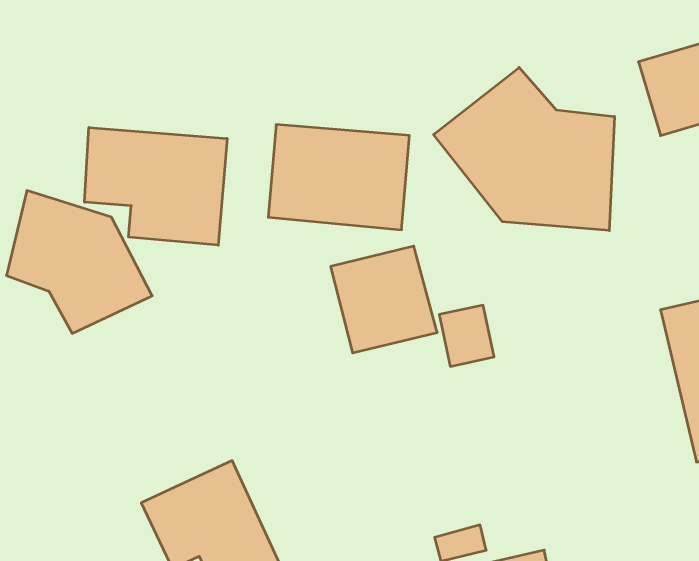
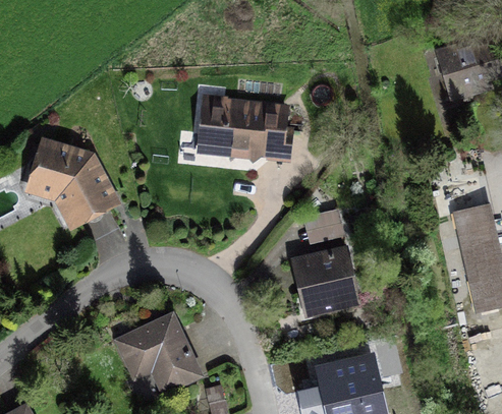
building: [434,67,614,231] -> none
building: [85,127,227,245] -> none
building: [331,246,437,353] -> [290,247,359,316]

